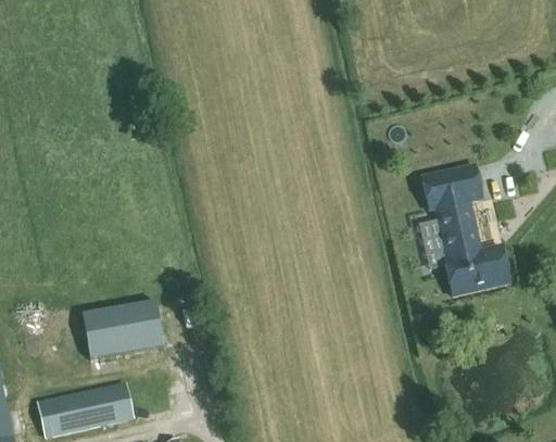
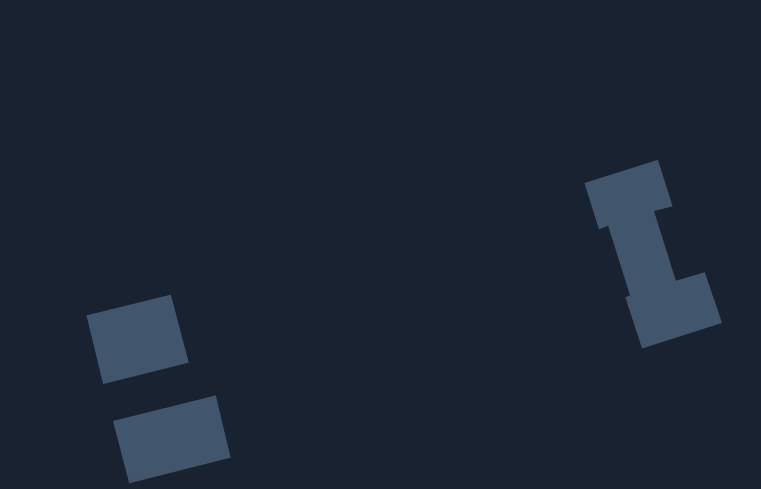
building: none -> [86,294,189,385]

